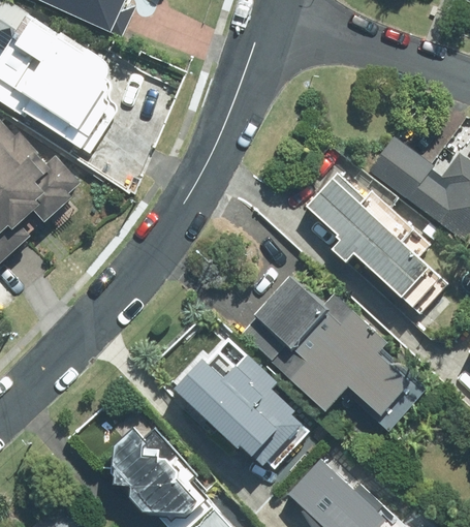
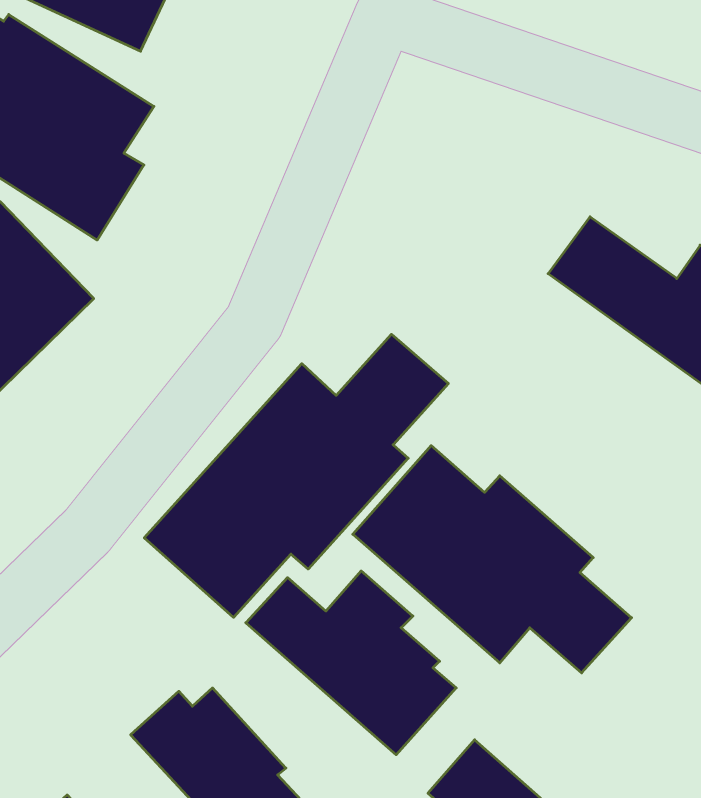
building: [304,172,442,308] -> none
building: none -> [144,334,448,617]

